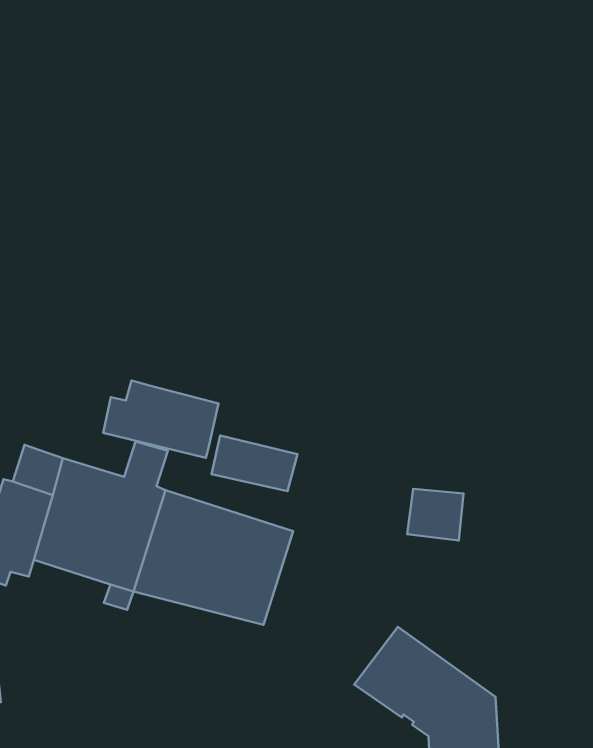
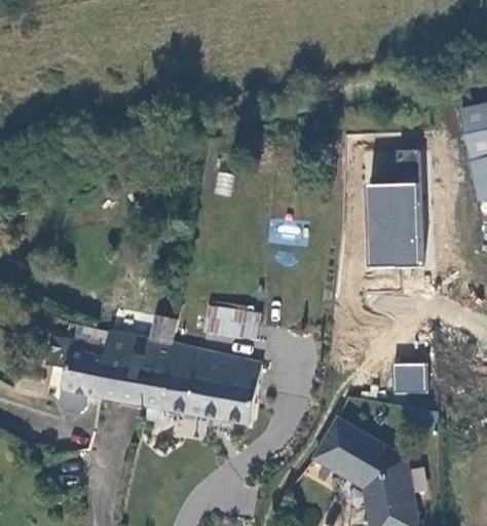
building: none -> [365,146,424,265]
building: [103,381,218,458] -> none
building: [407,489,463,541] -> [392,361,426,391]

